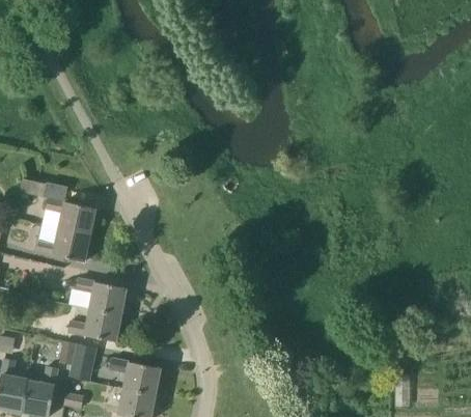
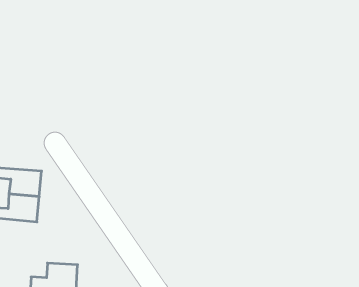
building: [76,278,127,314] -> none

